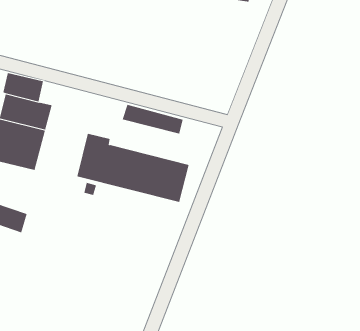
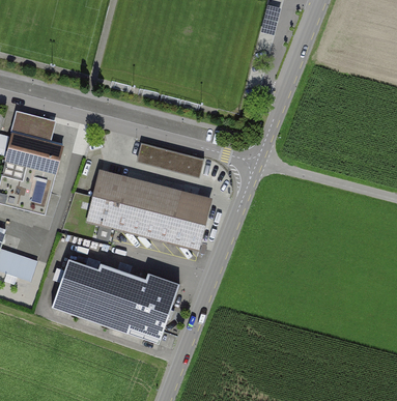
building: none -> [53,257,180,343]

